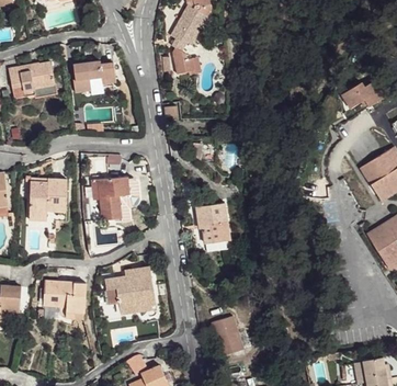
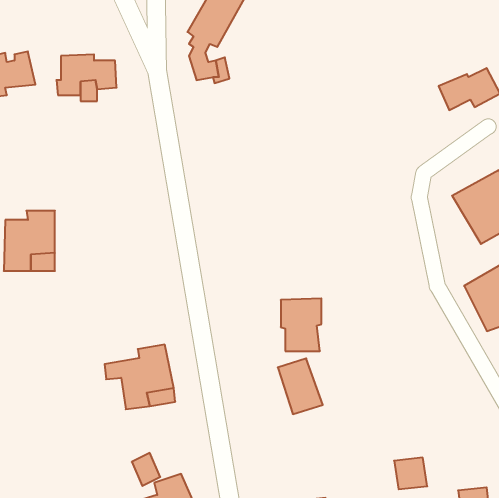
building: [94,175,134,222] -> none
building: [193,206,223,245] -> [281,298,321,351]
building: [45,282,88,323] -> none
building: [209,314,242,354] -> [278,358,323,414]
building: [360,356,384,379] -> [394,458,427,489]

